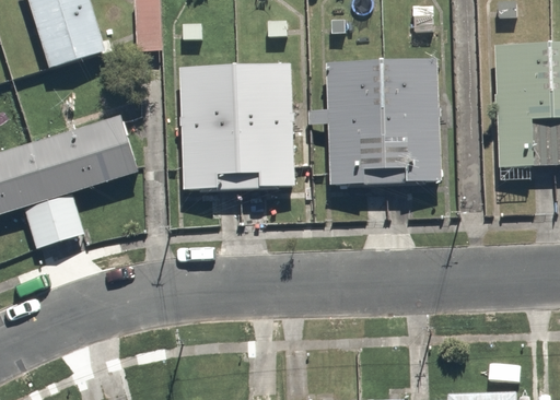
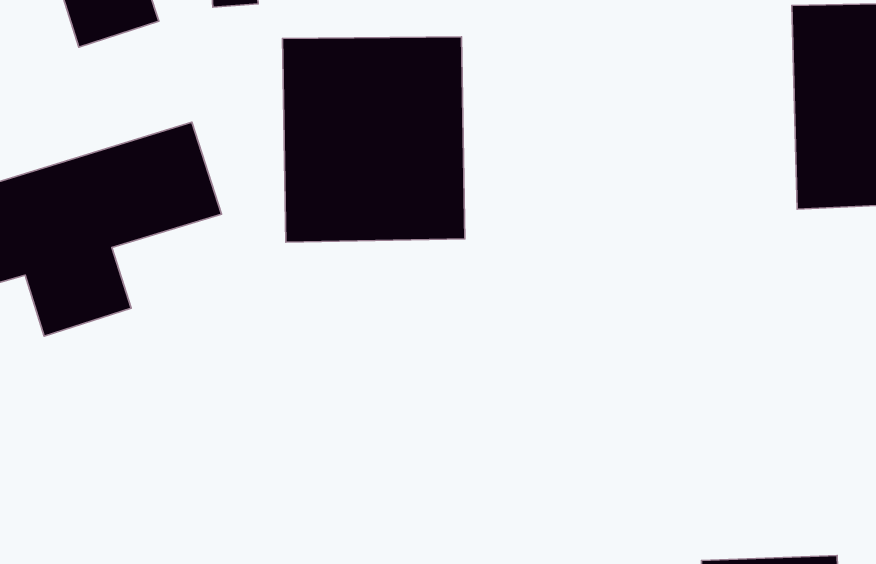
building: [326,60,440,191] -> none

